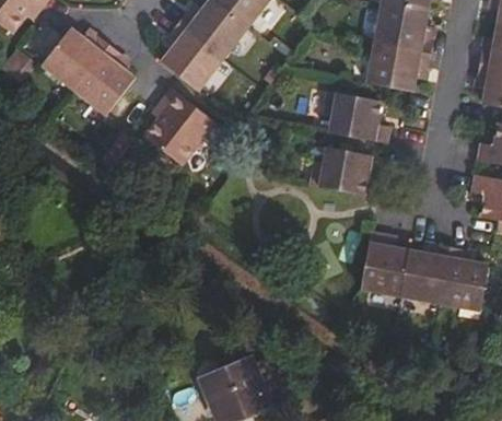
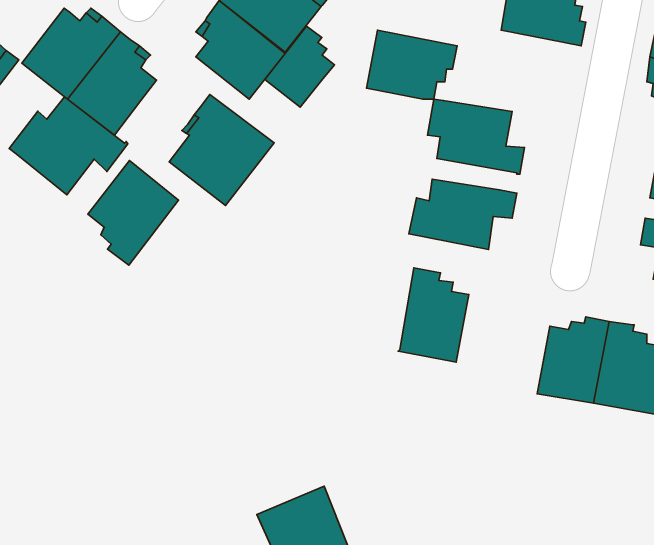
building: none -> [265,26,334,107]
building: [367,43,431,91] -> [366,30,457,99]
building: none -> [9,97,128,195]
building: none -> [88,161,179,265]
building: [360,231,409,296] -> [398,268,469,362]

